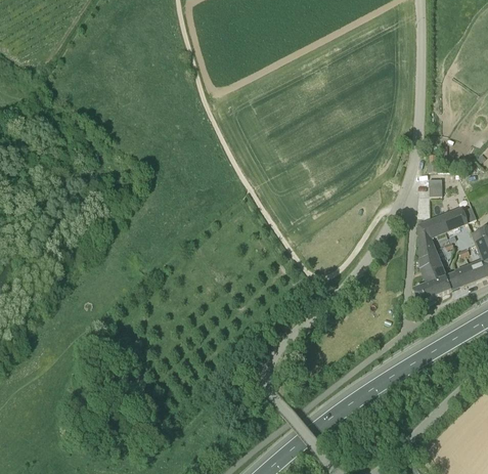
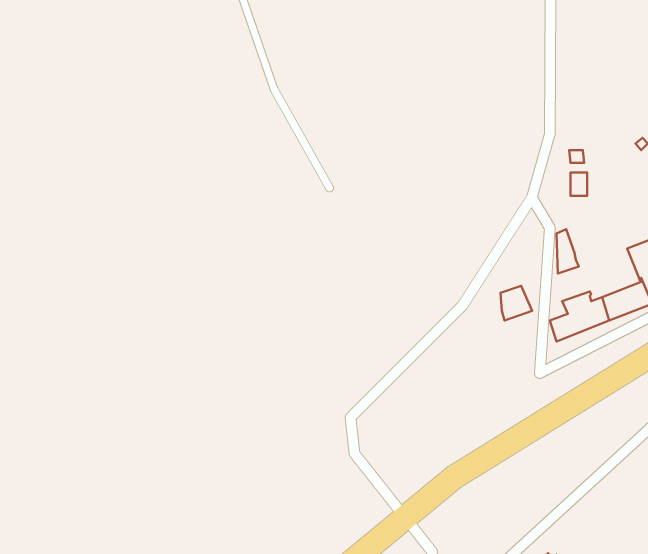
building: [426,206,469,236] -> none
building: [419,247,443,272] -> [500,286,532,321]

